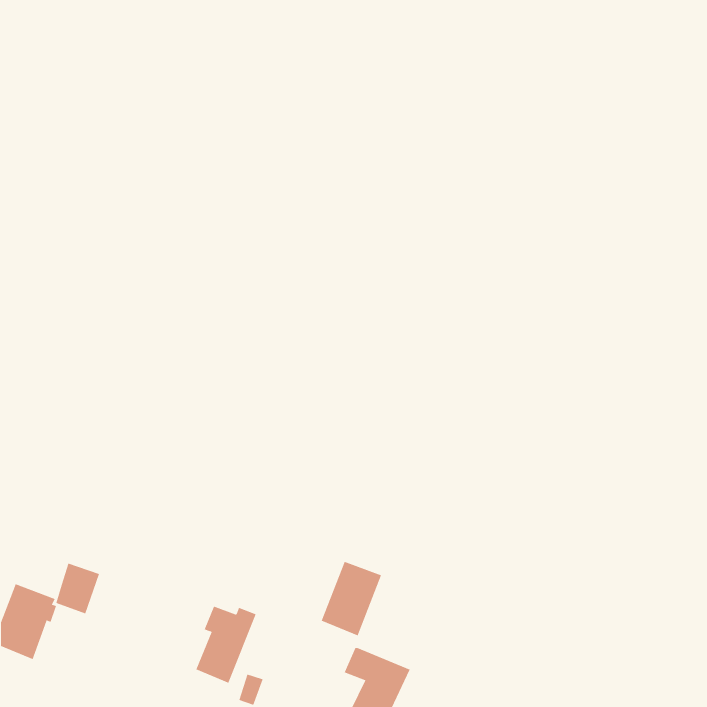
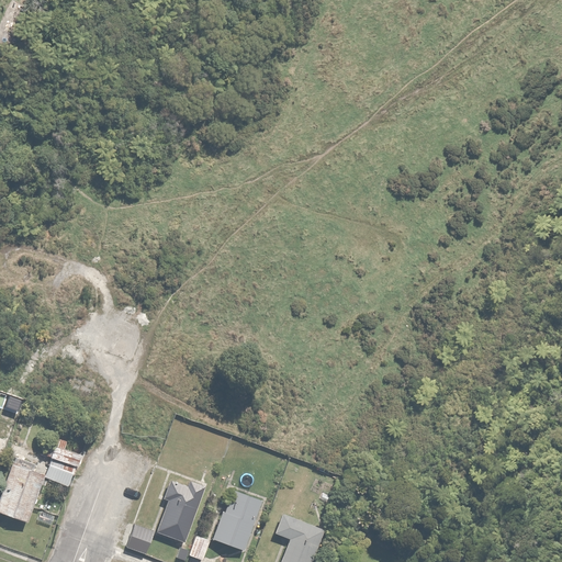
building: [321,561,382,636] -> [213,492,261,551]
building: none -> [126,525,154,555]

